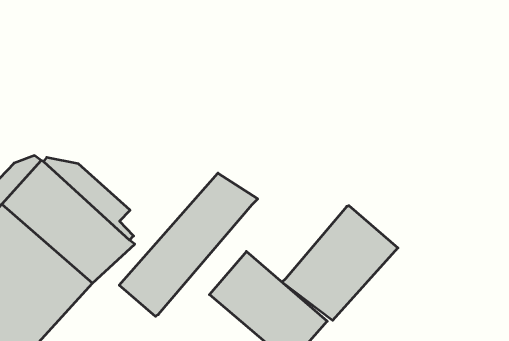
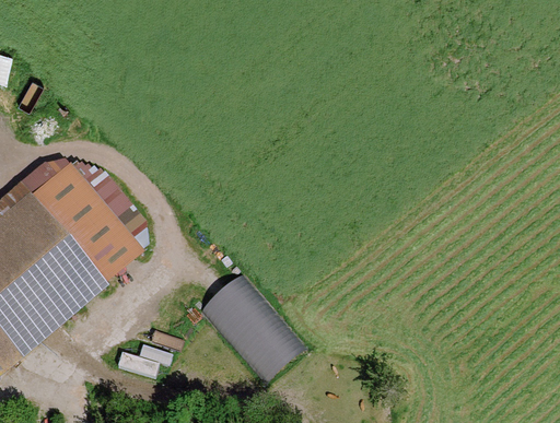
building: [119,173,258,316] -> none
building: [282,206,398,320] -> none

